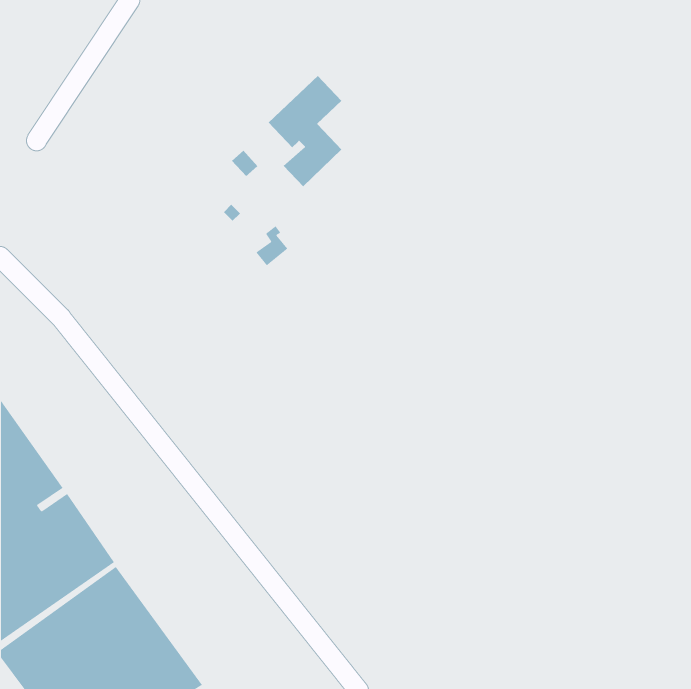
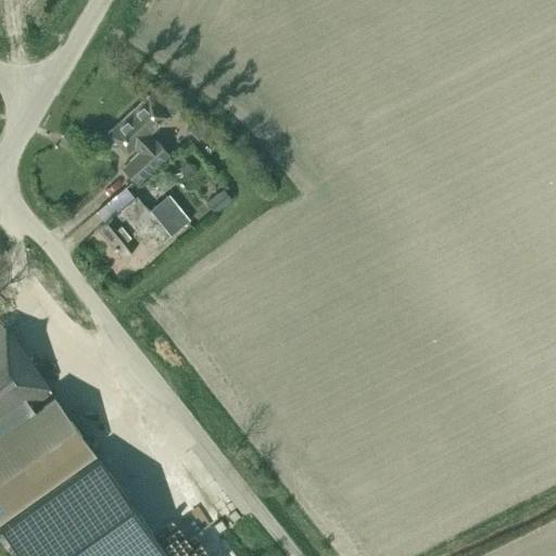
building: [268,75,342,187] -> [108,97,167,187]
building: none -> [98,195,190,257]

